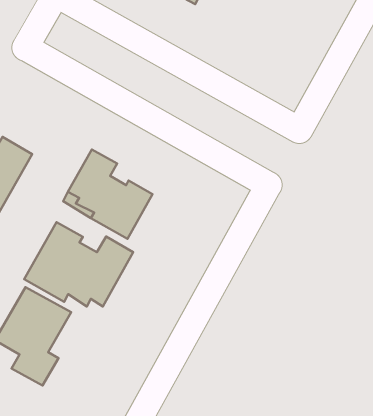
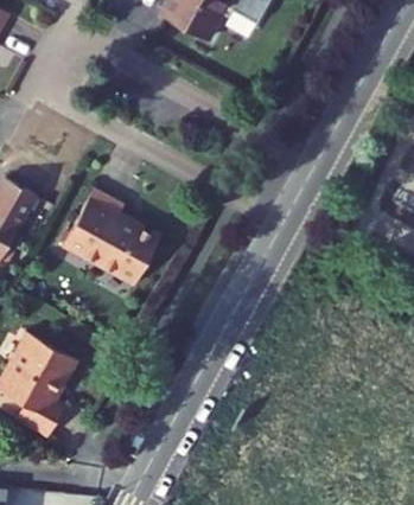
building: [24,222,133,306] -> none

